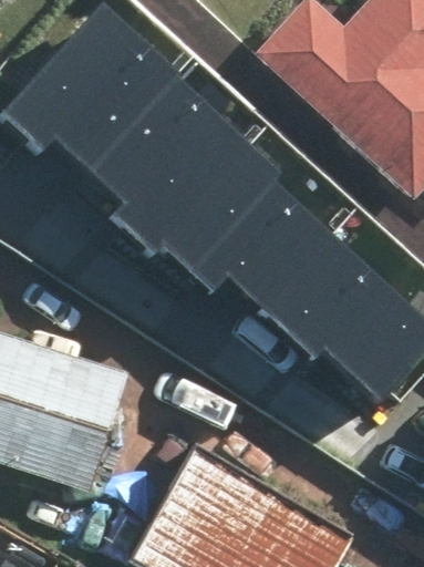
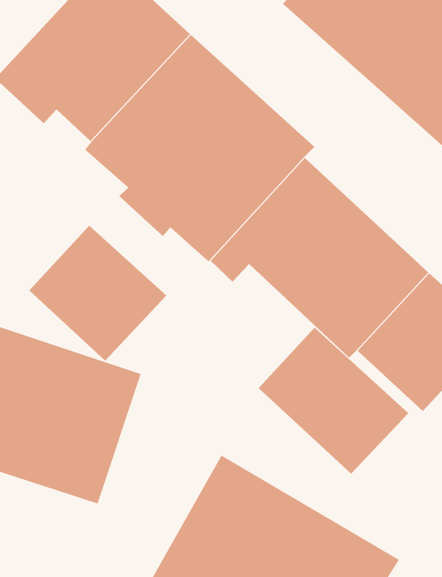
building: none -> [29,225,167,362]
building: none -> [258,327,409,474]

